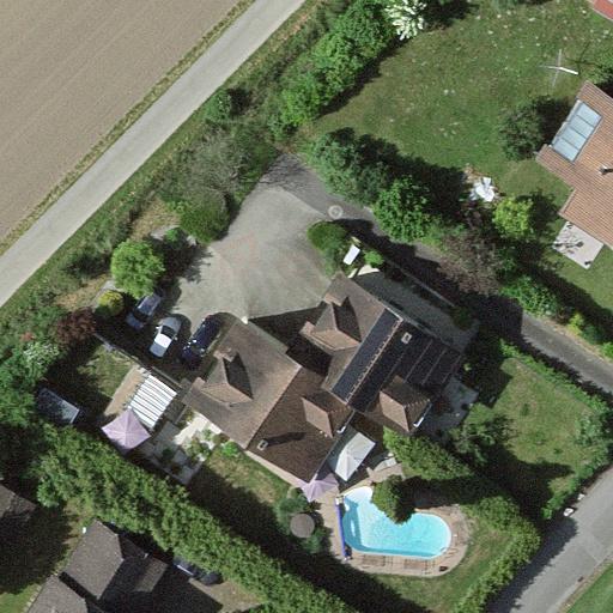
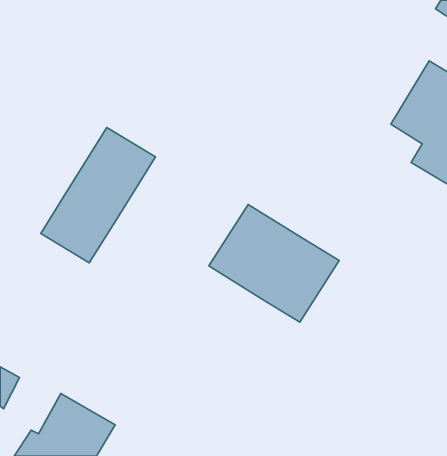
building: none -> [41,128,155,263]
building: [183,322,363,484] -> none

